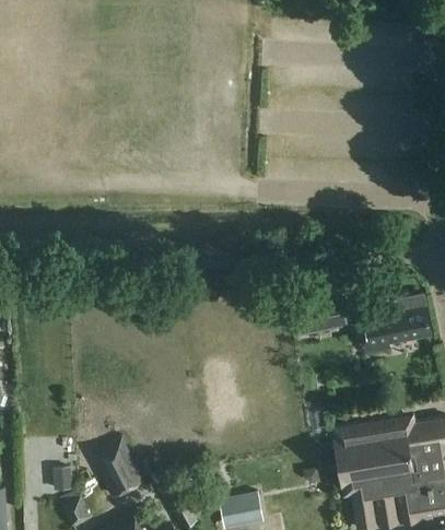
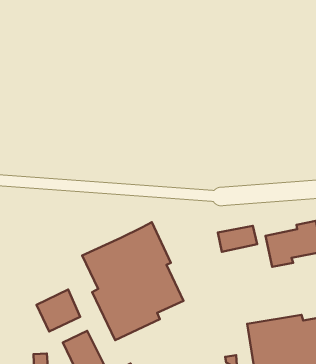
building: none -> [82,222,184,340]
building: none -> [36,289,80,331]

